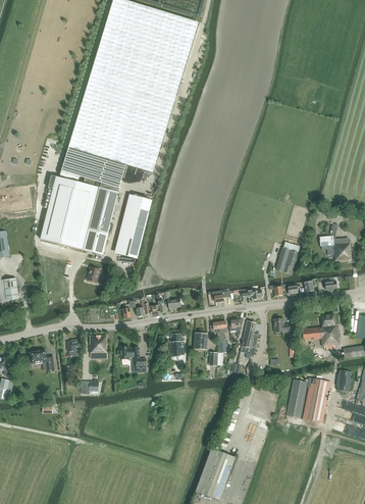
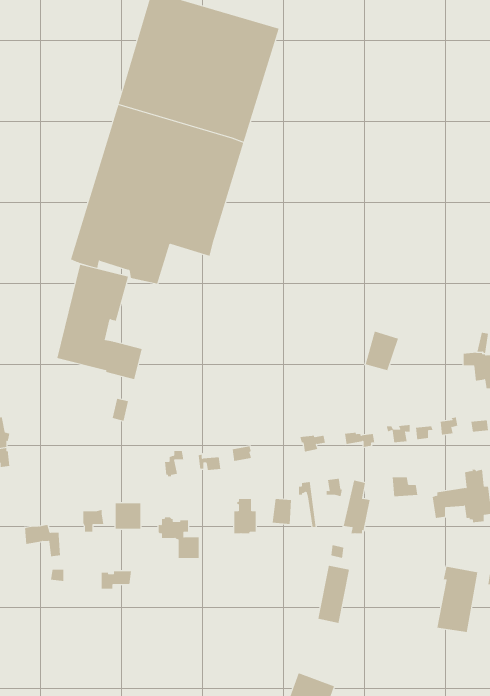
building: [83,186,118,234] -> none
building: [117,195,151,258] -> none
building: [275,247,298,273] -> [365,331,399,371]
building: [285,379,307,417] -> [318,565,350,624]

